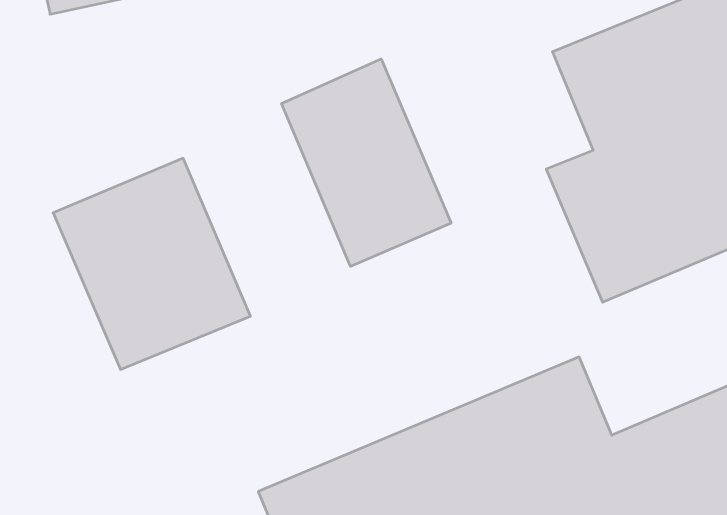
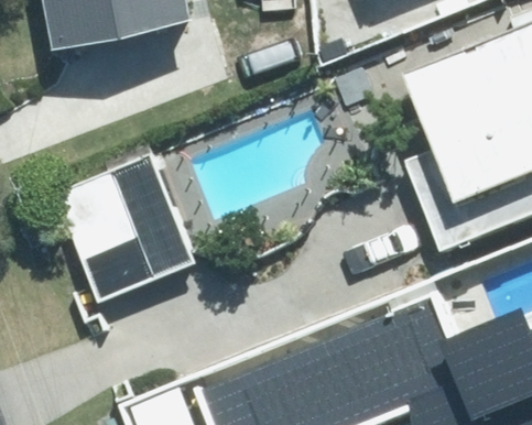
building: [282,59,451,266] -> none

